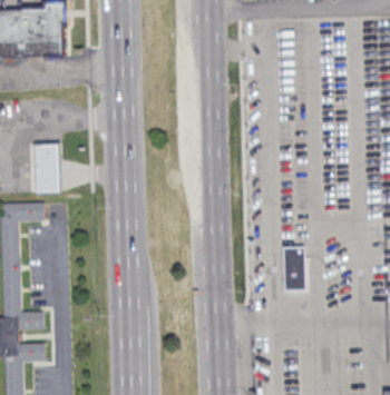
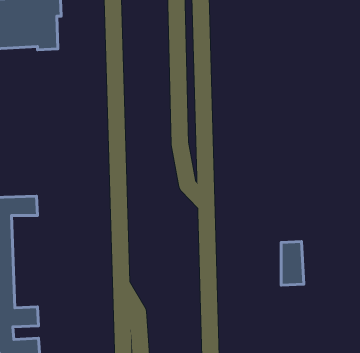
building: [35,145,58,191] -> none

